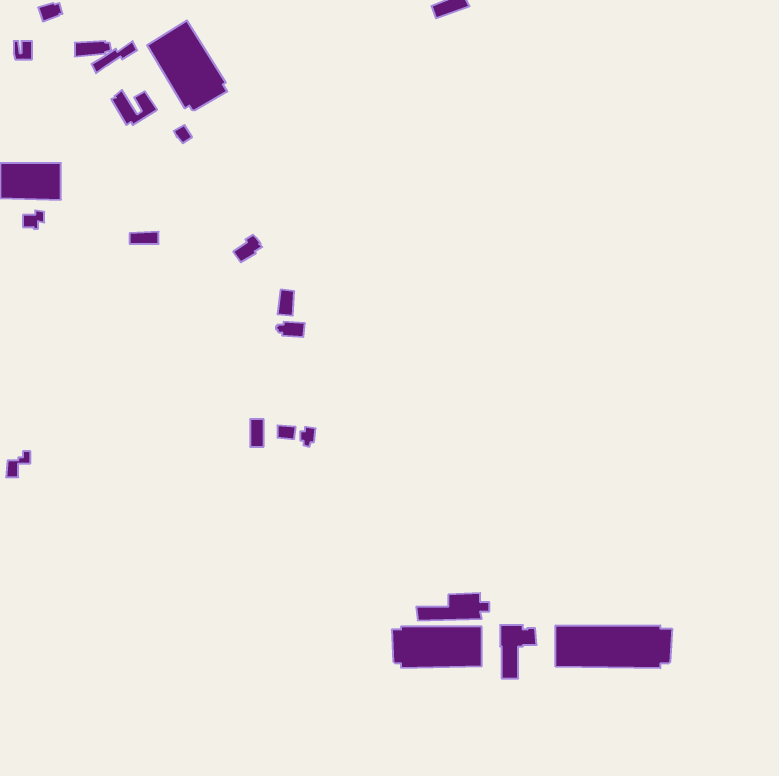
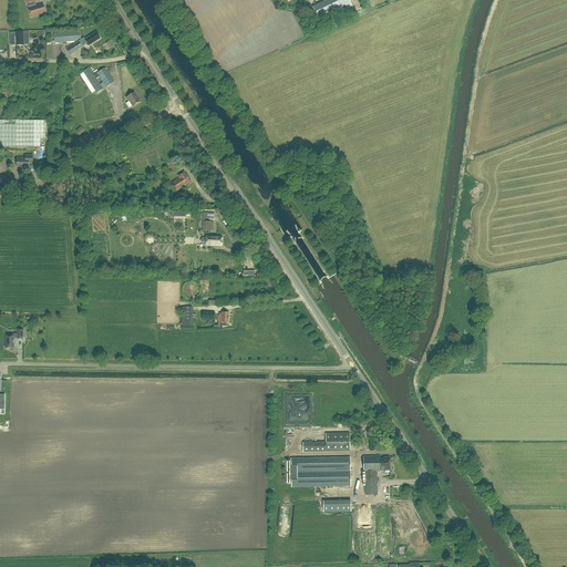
building: [147,20,227,110] -> none
building: [556,625,672,668] -> none

